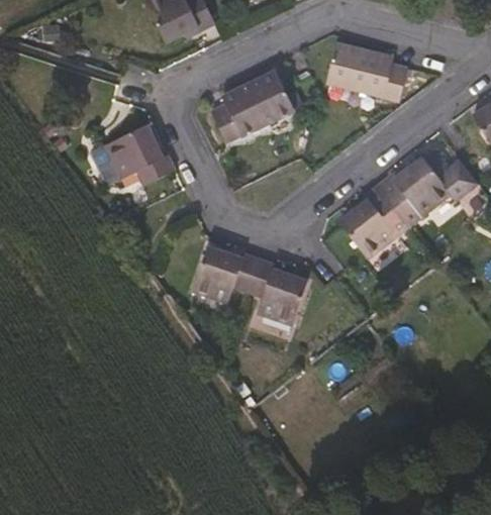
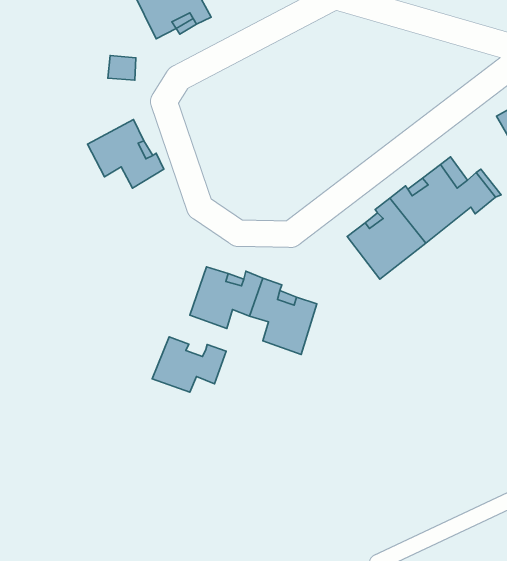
building: [328,39,410,98] -> none
building: [214,69,298,142] -> none
building: none -> [152,337,226,392]

